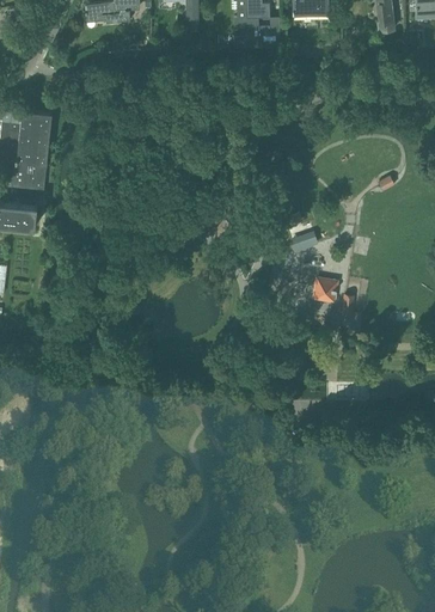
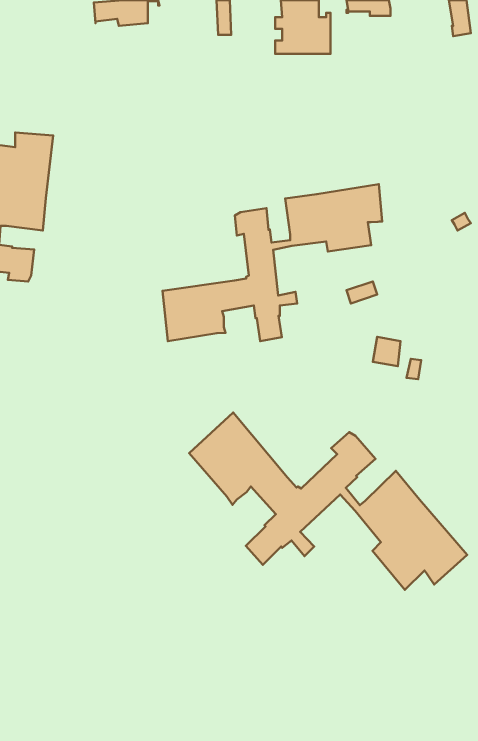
building: none -> [163,184,382,341]
building: none -> [189,413,467,590]

